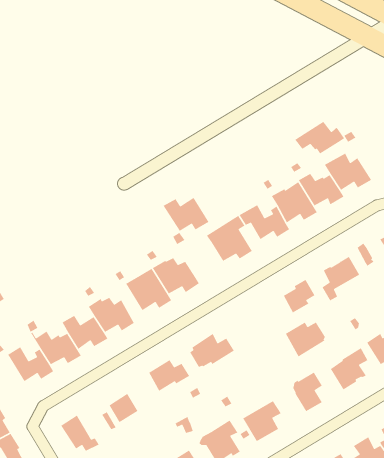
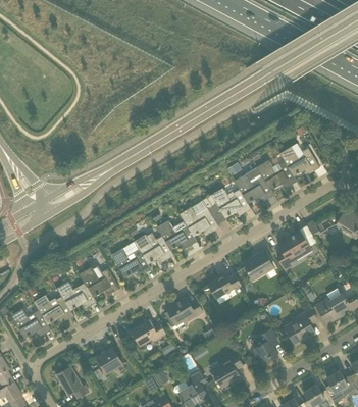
building: [294,121,345,154] -> none
building: [163,197,209,232] -> [157,220,197,250]
building: [285,321,326,357] -> [208,273,243,304]

